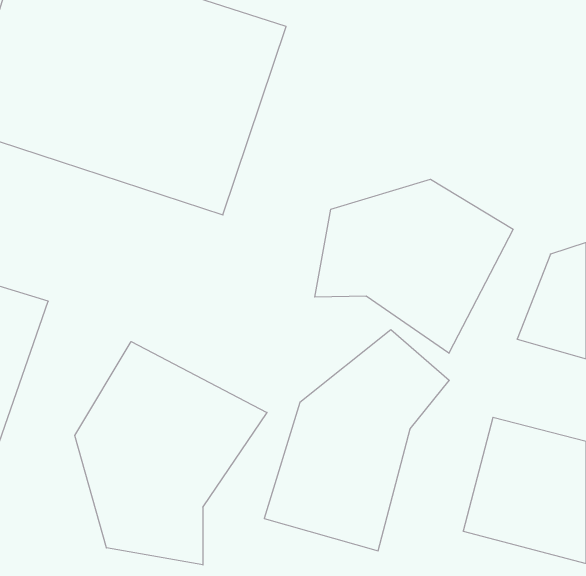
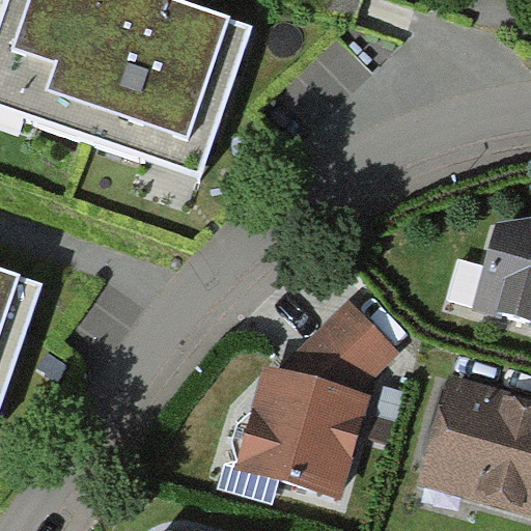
building: [315,179,513,353] -> none
building: [75,342,267,565] -> none

